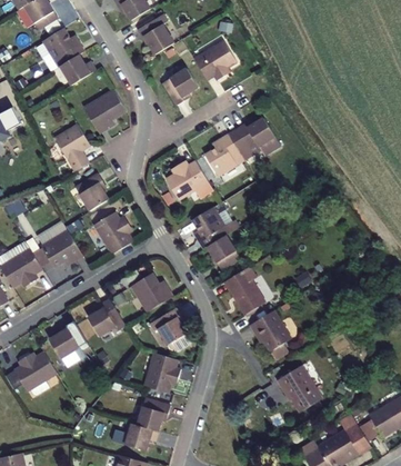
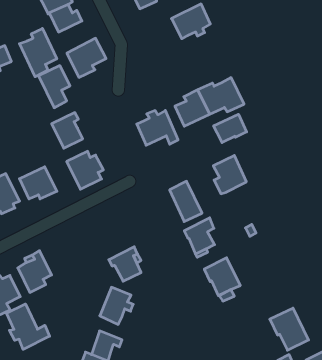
building: [160,63,196,101] -> none
building: none -> [19,28,57,77]
building: none -> [214,114,247,143]
building: [190,202,228,246] -> [213,155,246,194]
building: [129,276,170,315] -> none
building: [86,301,122,338] -> none
building: [279,368,323,415] -> [270,308,309,350]
building: none -> [6,304,50,349]

